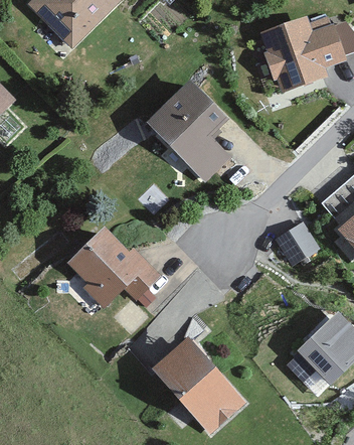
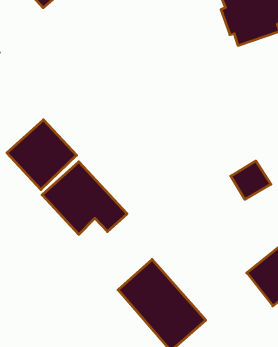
building: [146,82,232,183] -> none
building: none -> [7,120,77,190]

